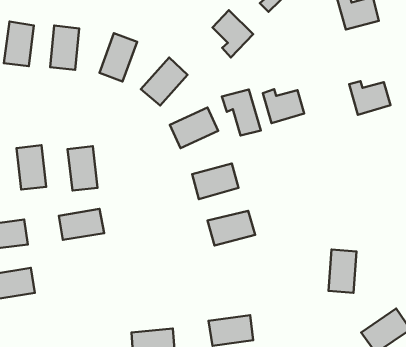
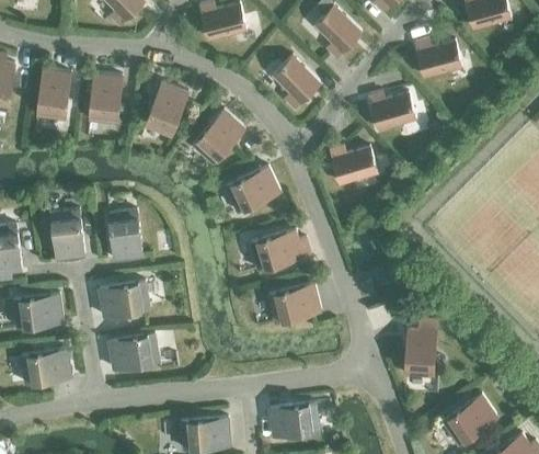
building: [349,81,391,115] -> [368,92,415,130]
building: [222,90,261,136] -> none
building: none -> [107,333,159,370]

